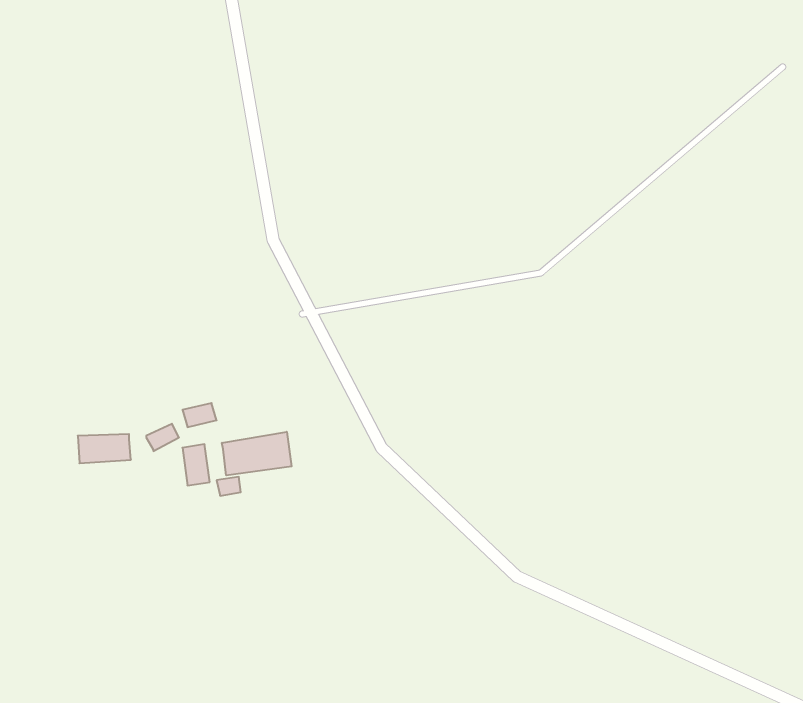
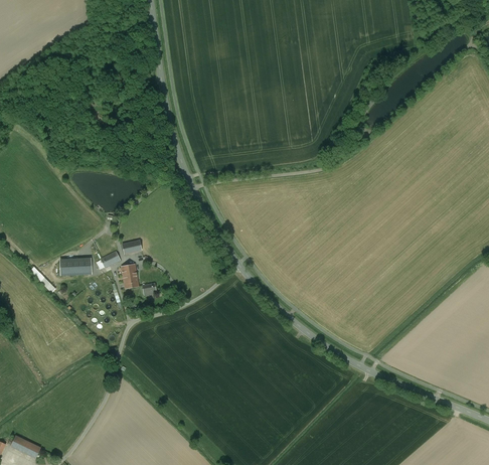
building: [222,432,292,475] -> none

